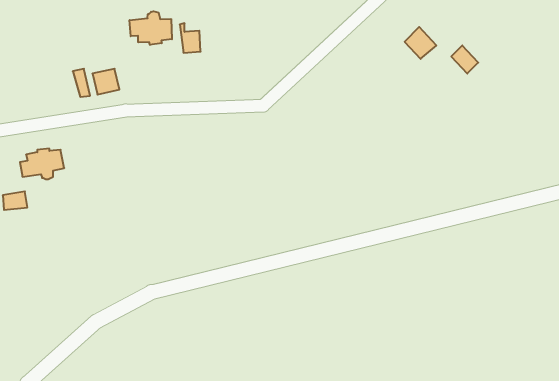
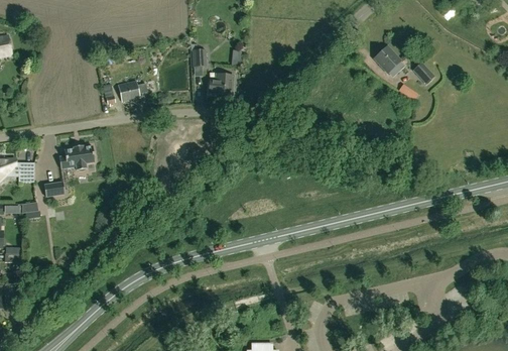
building: [130,11,172,45] -> none
building: none -> [209,74,233,96]

